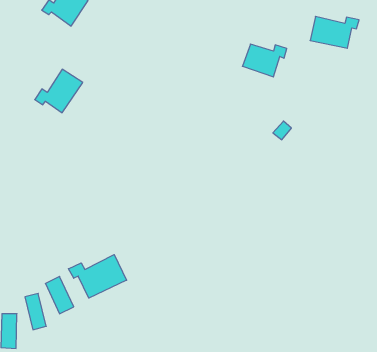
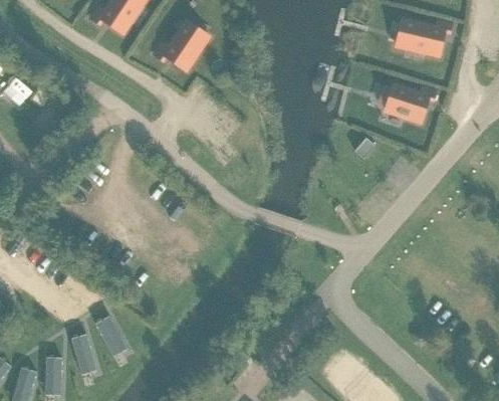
building: [242,44,287,77] -> [384,86,434,124]
building: [35,69,83,113] -> [153,22,207,71]
building: [68,255,127,298] -> none

